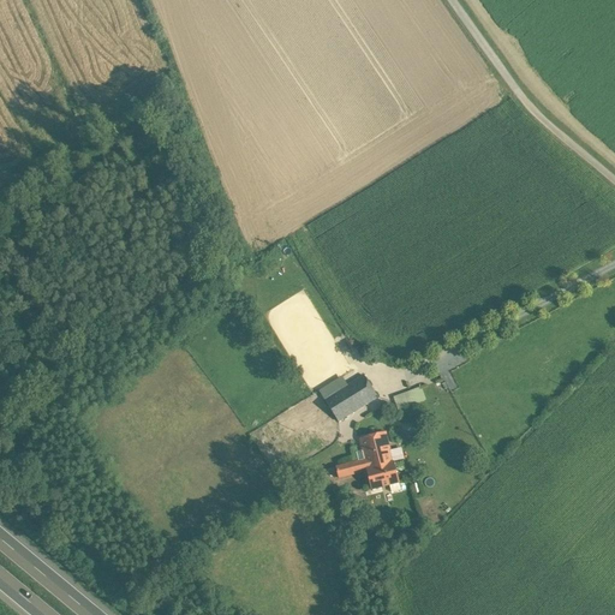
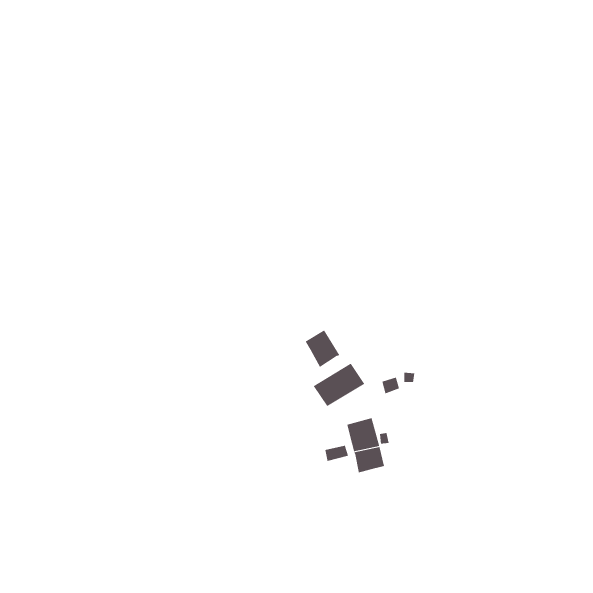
building: none -> [305,330,340,368]

